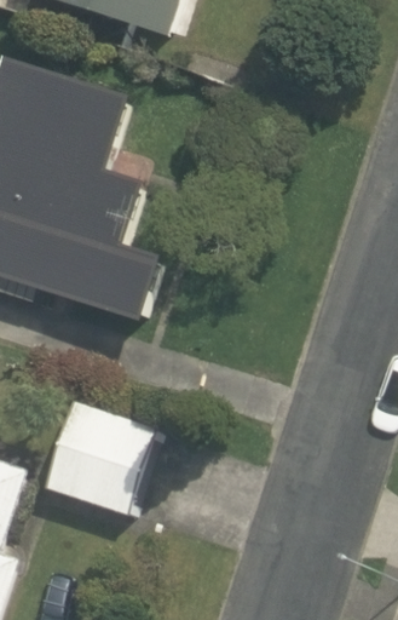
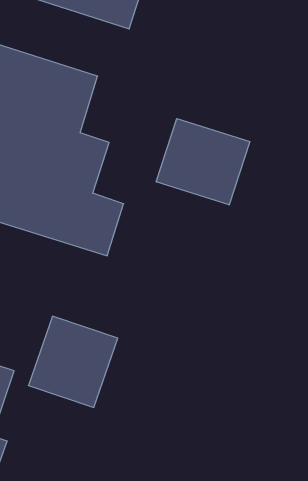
building: none -> [156,119,250,205]

